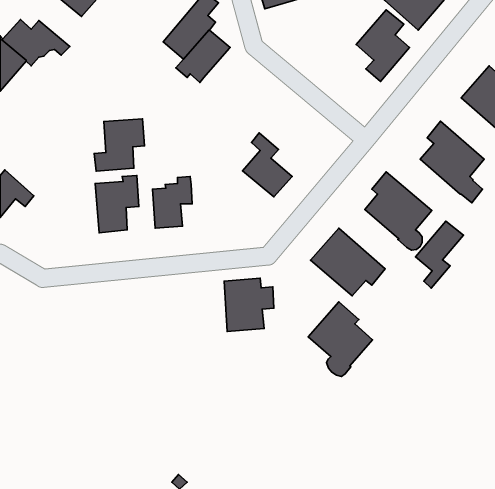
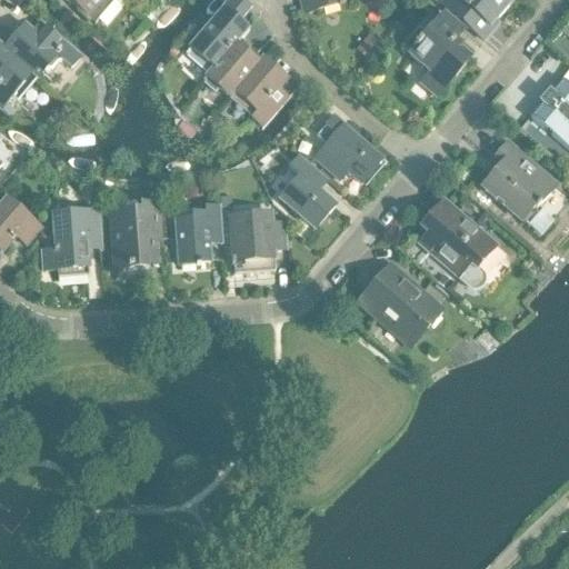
building: none -> [234,56,287,124]
building: none -> [315,112,381,180]
building: [94,119,145,171] -> [42,207,100,267]
building: [415,221,463,288] -> none
building: [224,278,274,332] -> [230,210,287,271]
building: [308,302,372,376] -> none

